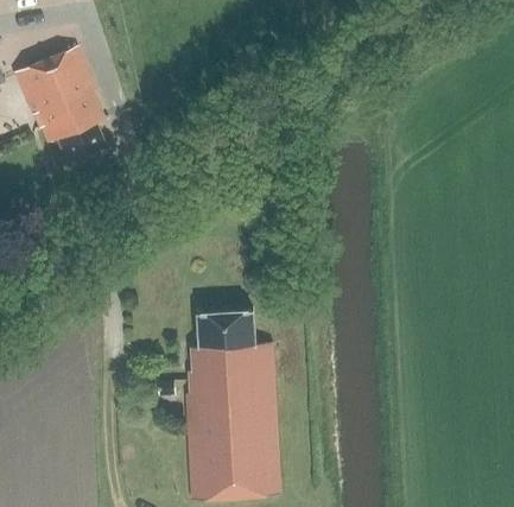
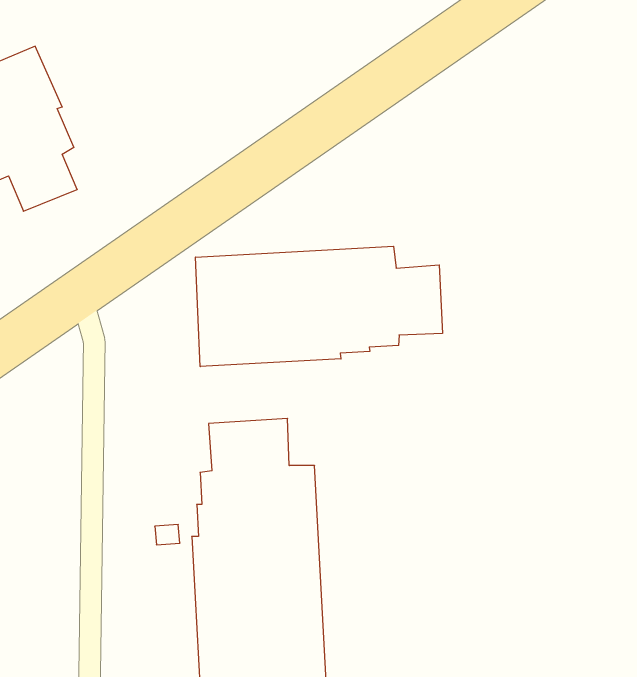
building: none -> [196,246,442,367]

